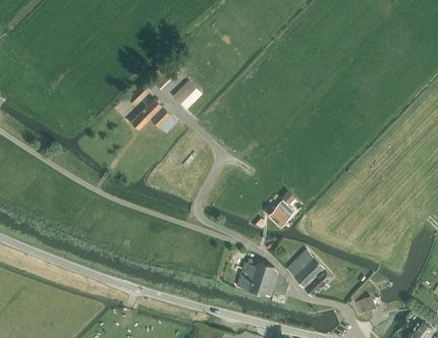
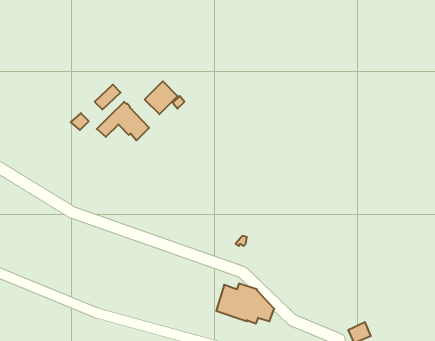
building: [268,188,295,226] -> none
building: [285,249,332,295] -> none

